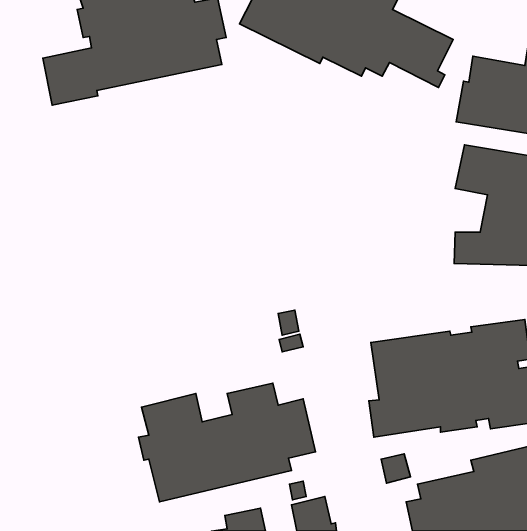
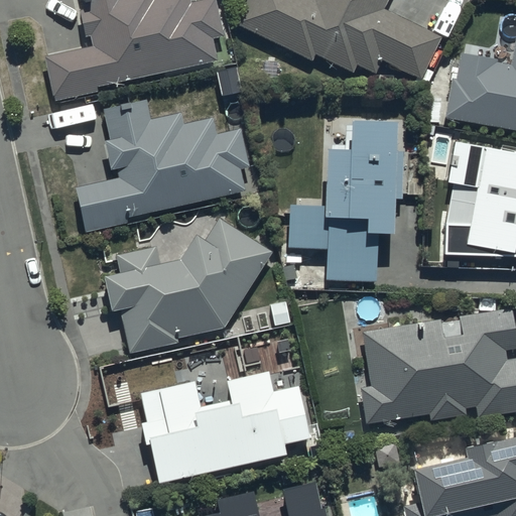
building: none -> [78,101,252,232]
building: none -> [289,125,403,280]
building: none -> [102,221,272,354]

